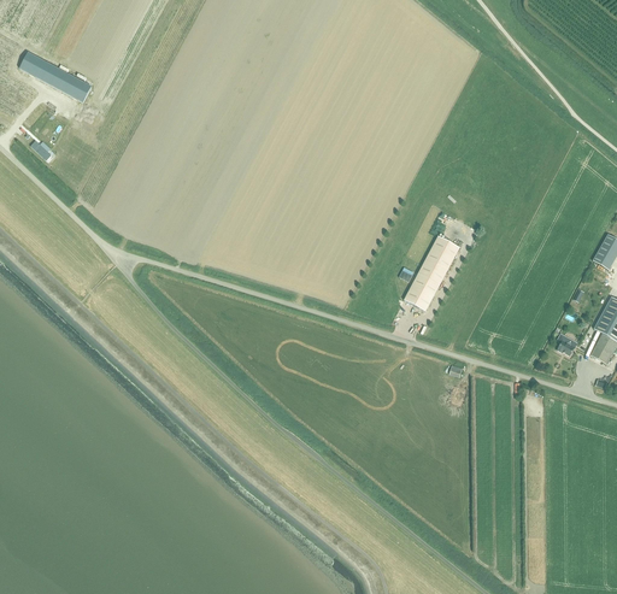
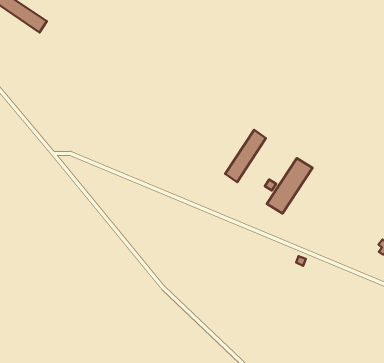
building: none -> [225,130,266,182]

